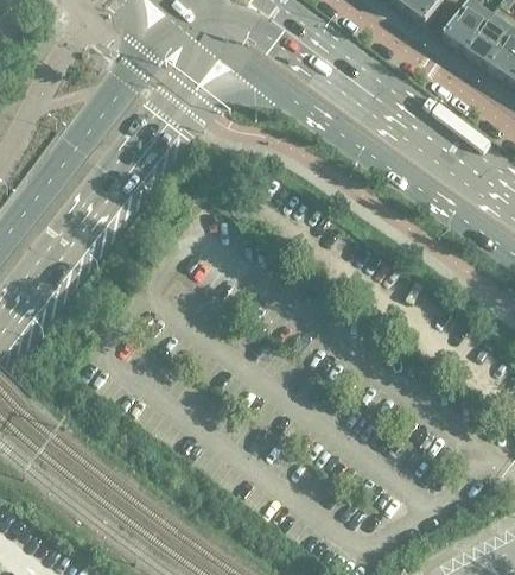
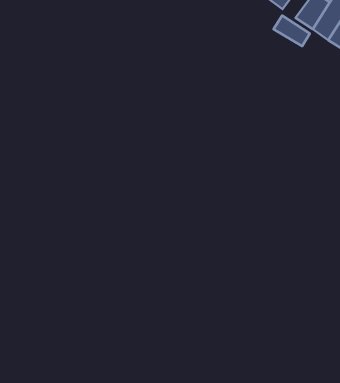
building: none -> [273,16,310,46]

